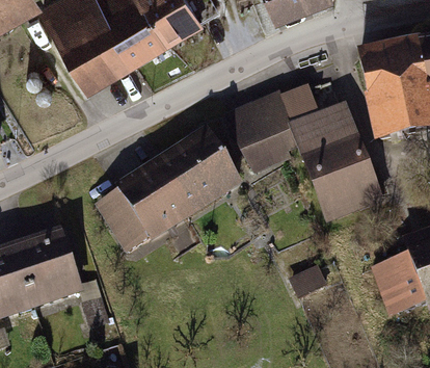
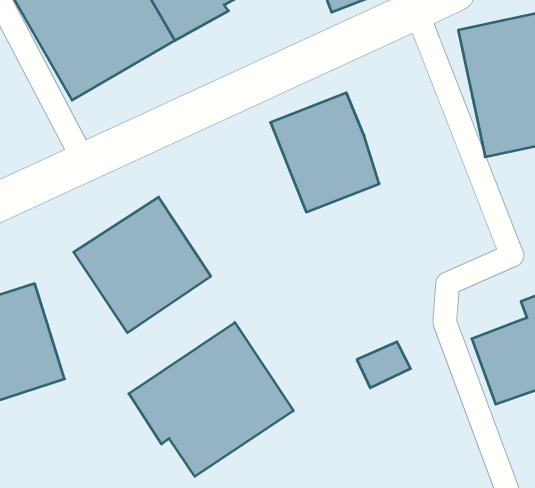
building: [294,98,386,217] -> none
building: [151,123,246,217] -> none
building: none -> [129,322,293,476]

